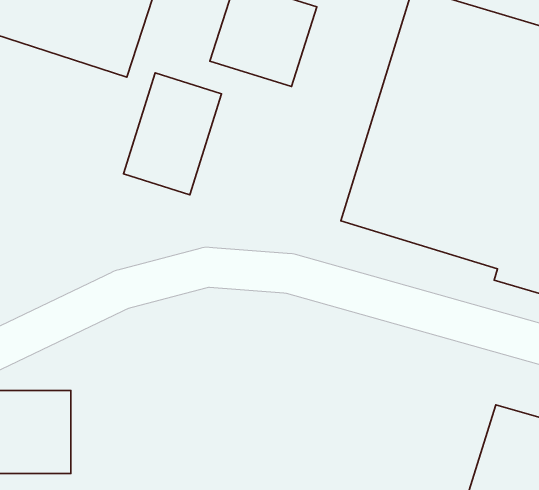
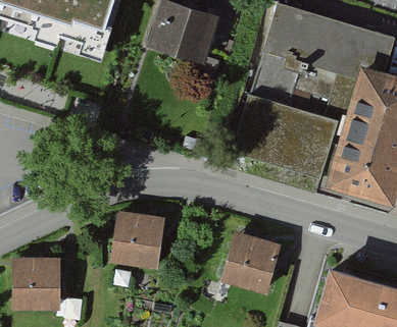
building: [123,73,222,195] -> none
building: none -> [110,212,165,271]
building: none -> [220,232,281,296]

